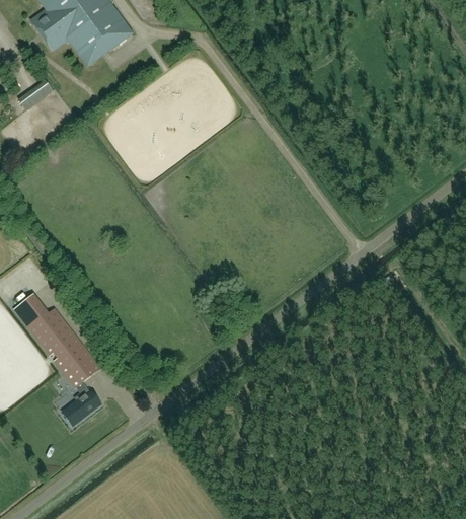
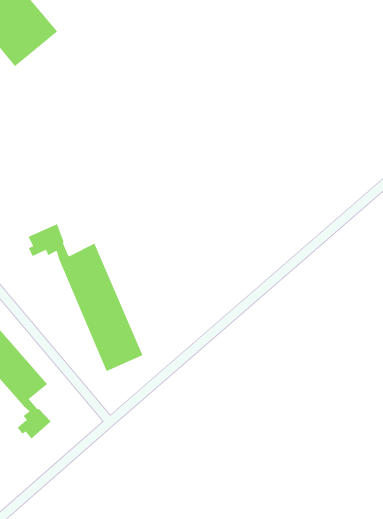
building: none -> [28,223,144,372]

